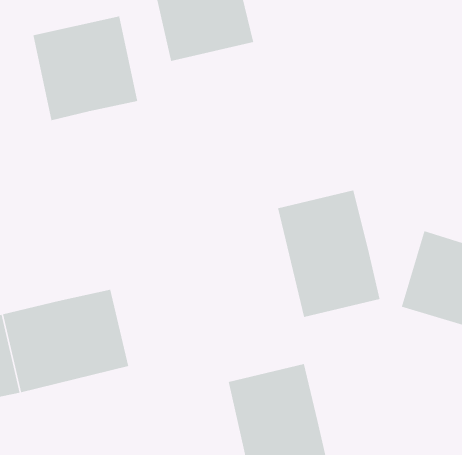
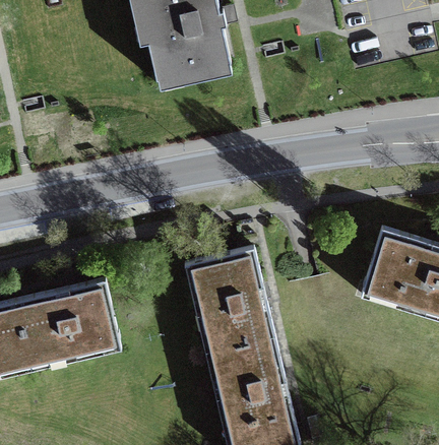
building: [32,15,138,121] -> none
building: [277,190,380,318] -> [185,249,276,363]

